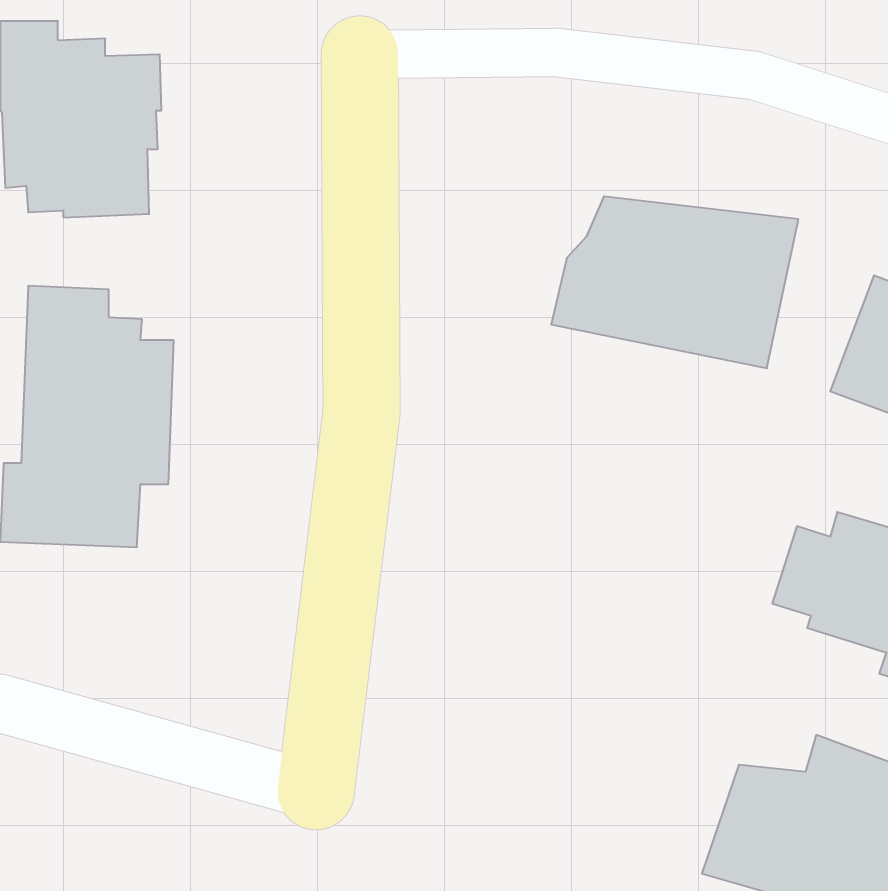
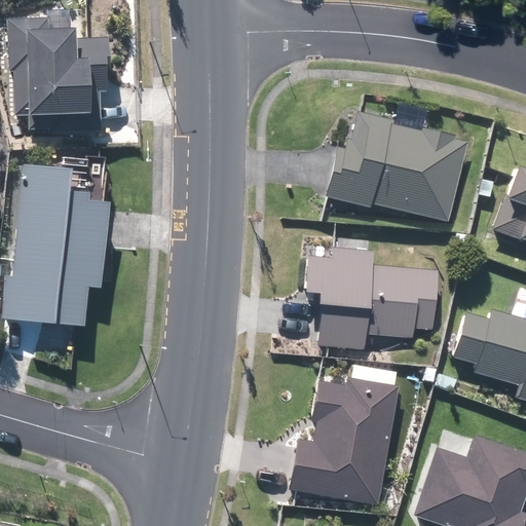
building: none -> [308,253,438,348]
building: none -> [296,383,390,494]

